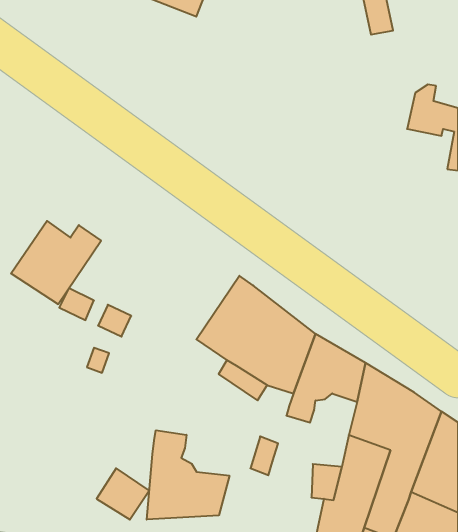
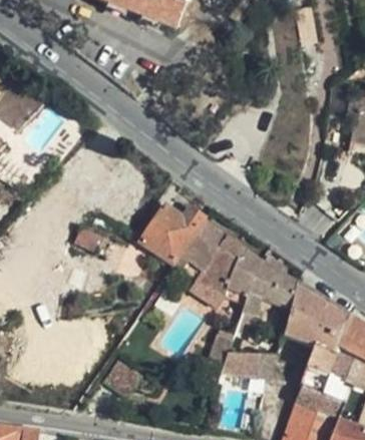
building: [11,221,101,304] -> [140,203,206,264]
building: [147,430,229,520] -> none
building: none -> [223,352,259,378]

